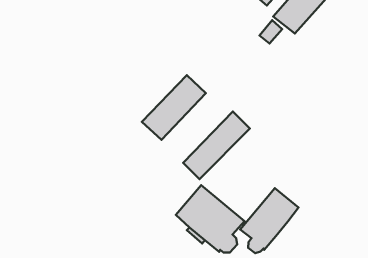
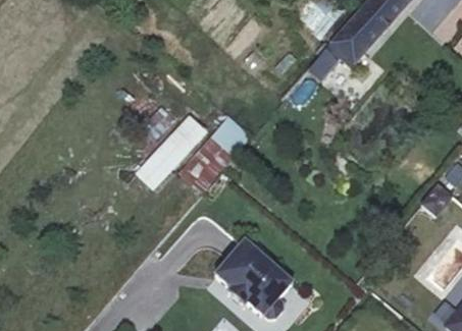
building: [183,111,250,179] -> [134,113,209,189]
building: [240,188,299,253] -> none

